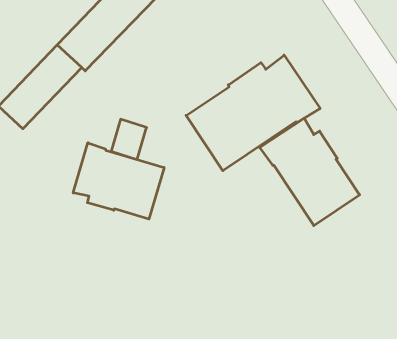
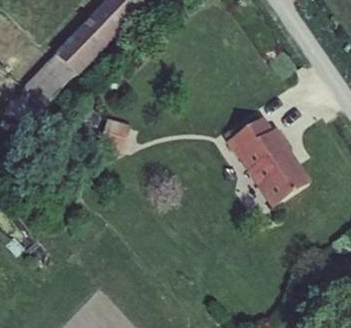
building: [186,55,320,171] -> none
building: [73,143,164,219] -> none

